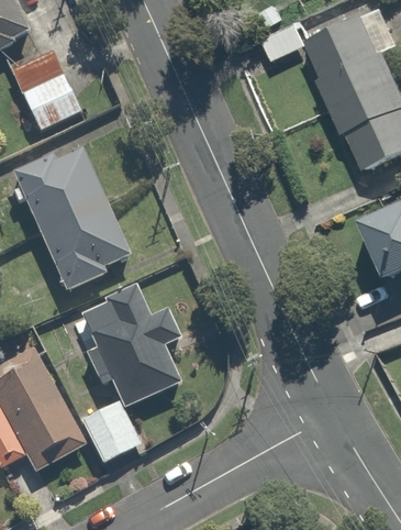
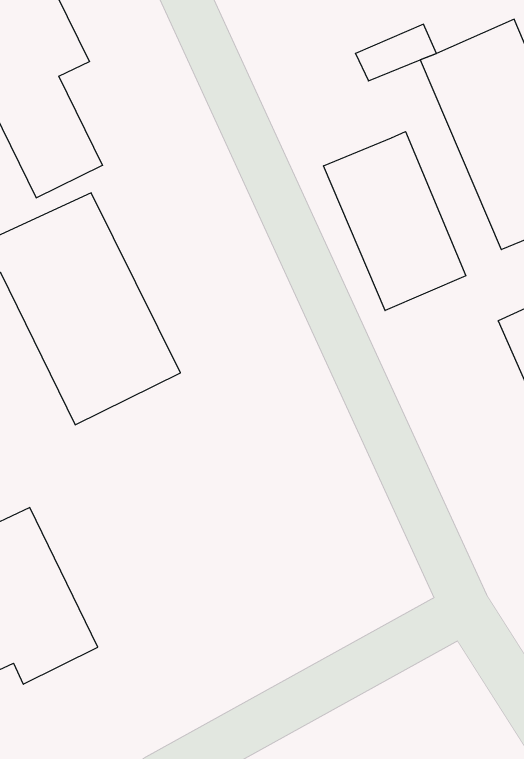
building: none -> [324,132,466,311]
building: [71,286,193,464] -> none

